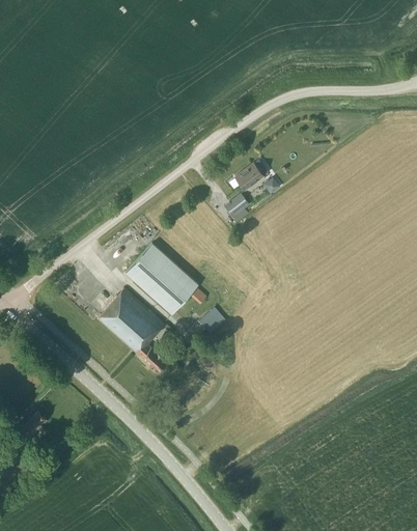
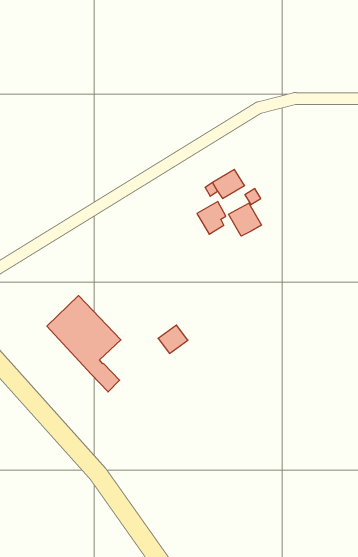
building: none -> [229,203,262,236]
building: [126,244,198,314] -> none

